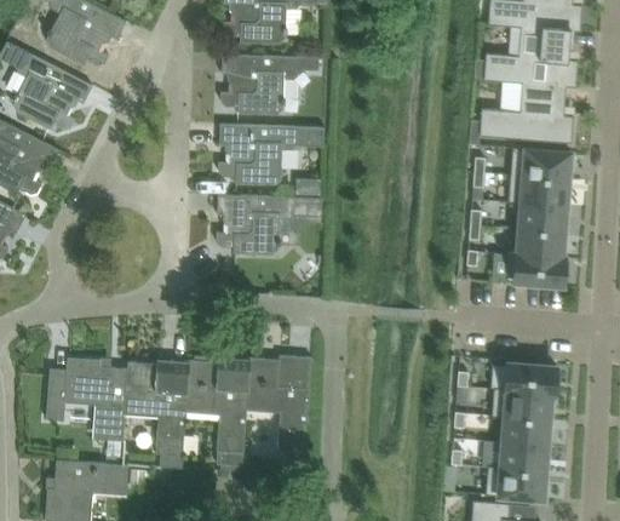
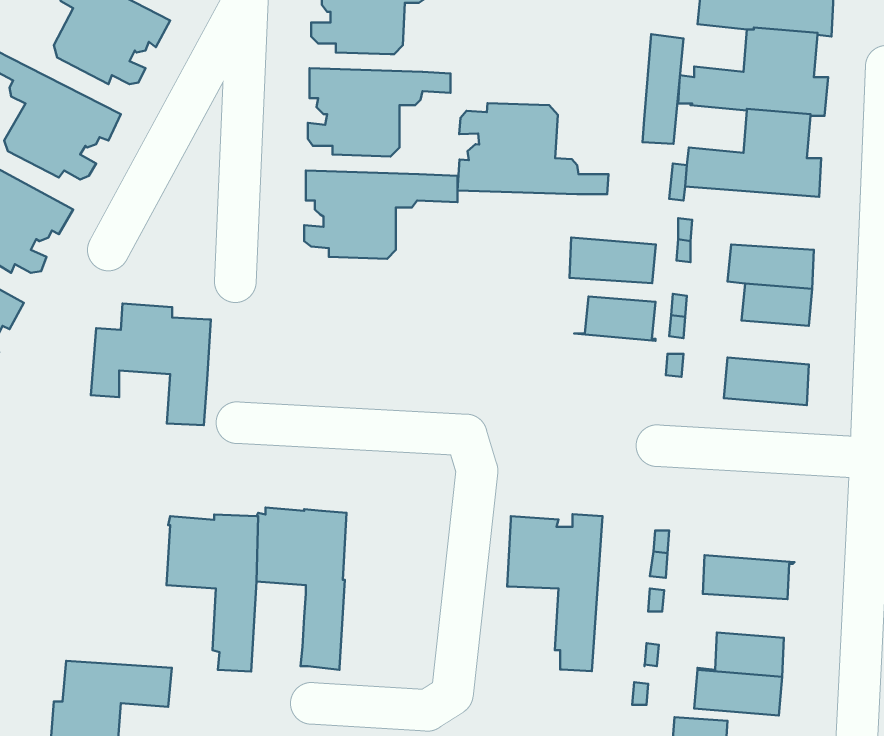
building: none -> [643,34,683,144]
building: none -> [458,103,608,194]
building: [511,147,570,178] -> [569,237,656,283]
building: [216,194,322,254] -> none
building: [509,227,564,257] -> [574,297,655,341]
building: [245,355,310,463] -> [507,514,602,671]
building: [44,356,126,440] -> [91,304,211,425]
building: [493,361,556,393] -> none
building: [492,414,550,445] -> none

